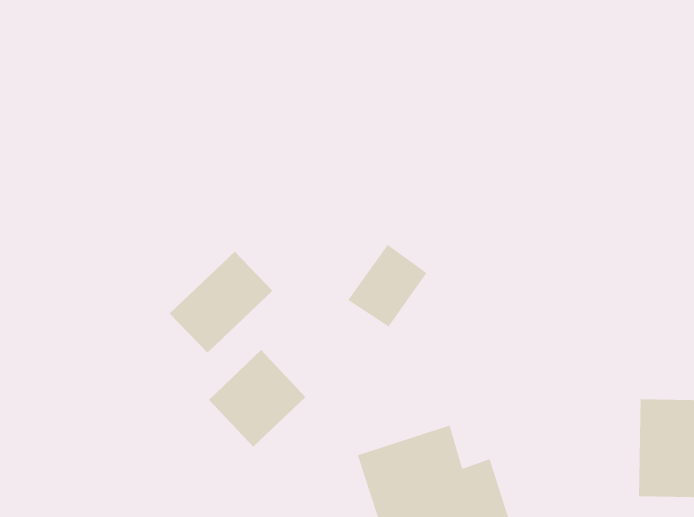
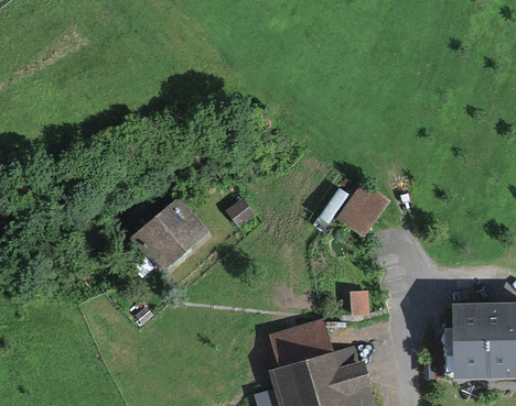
building: [347,244,428,328] -> [333,183,388,240]
building: [208,349,306,448] -> none

